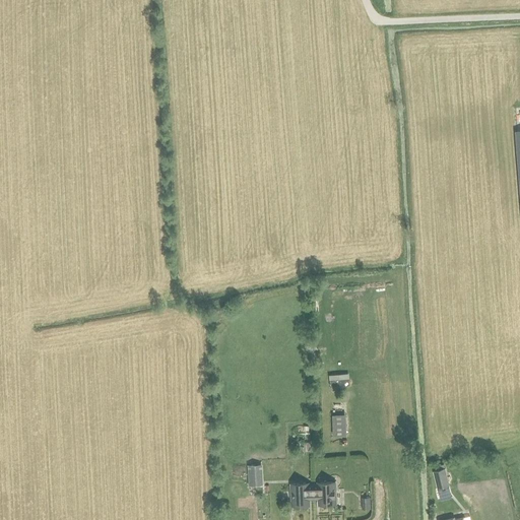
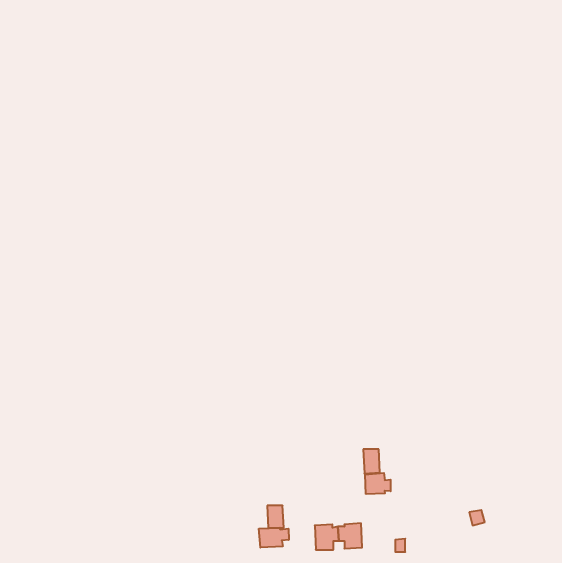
building: none -> [365,473,391,494]
building: none -> [259,528,289,548]

